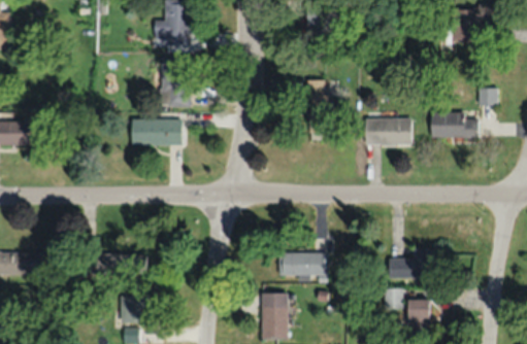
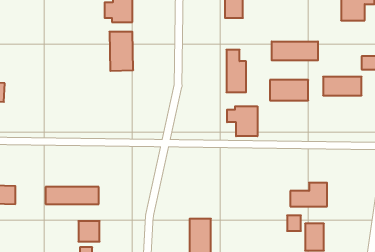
building: none -> [272,41,318,60]
building: [131,119,182,145] -> none
building: none -> [227,106,257,136]
building: [279,253,328,277] -> none

